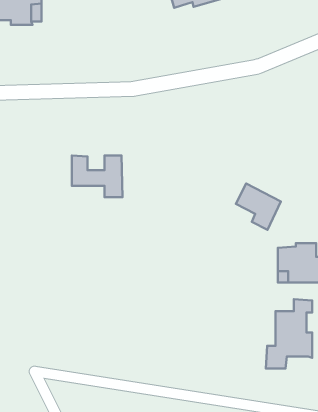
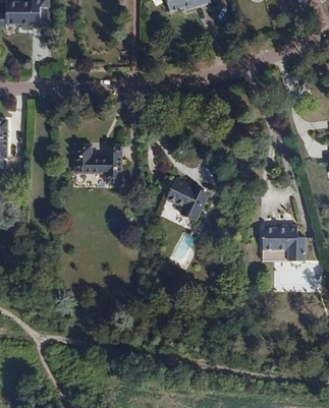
building: [236,184,281,230] -> [166,178,207,220]
building: [266,299,312,369] -> none

